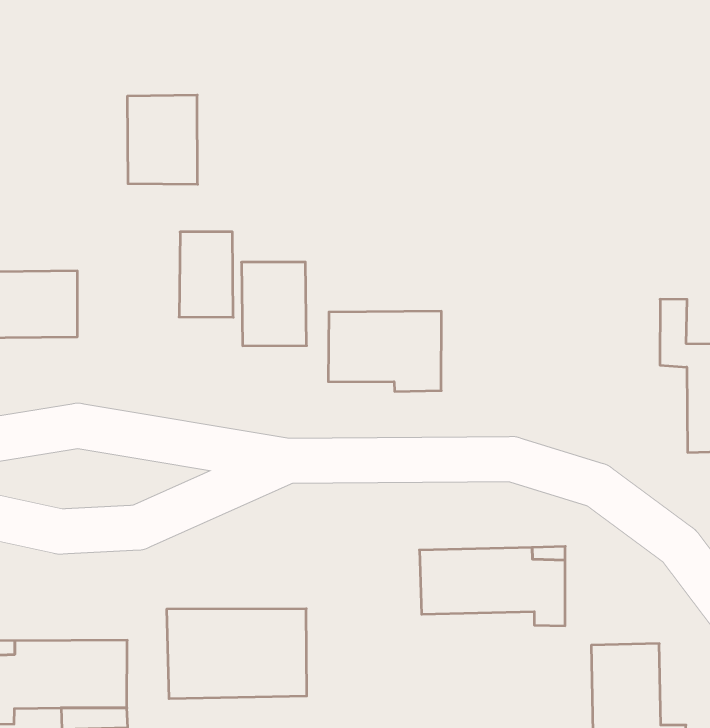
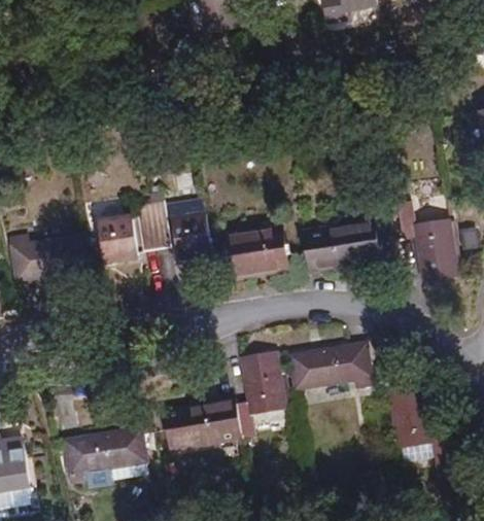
building: [127,95,198,184] -> [95,213,139,266]
building: none -> [303,219,382,270]
building: none -> [237,349,286,438]

